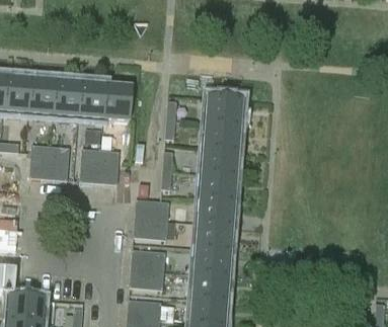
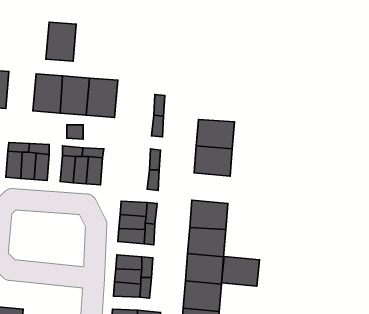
building: [28,79,57,115] -> [46,22,76,61]
building: [208,97,243,126] -> none
building: [202,173,237,201] -> none
building: none -> [221,257,260,286]

